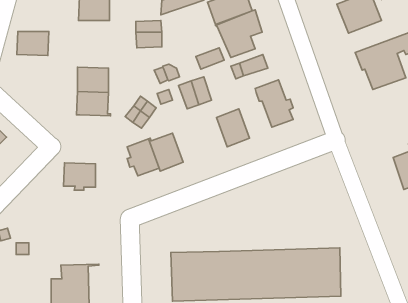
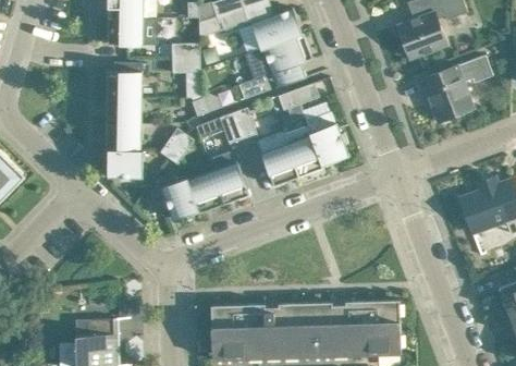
building: [17,31,49,56] -> [105,71,140,98]
building: none -> [282,125,323,176]
building: none -> [211,161,248,204]
building: [64,163,96,190] -> [106,150,142,181]

